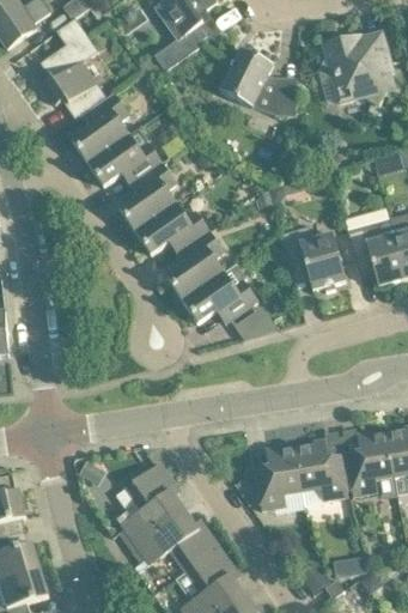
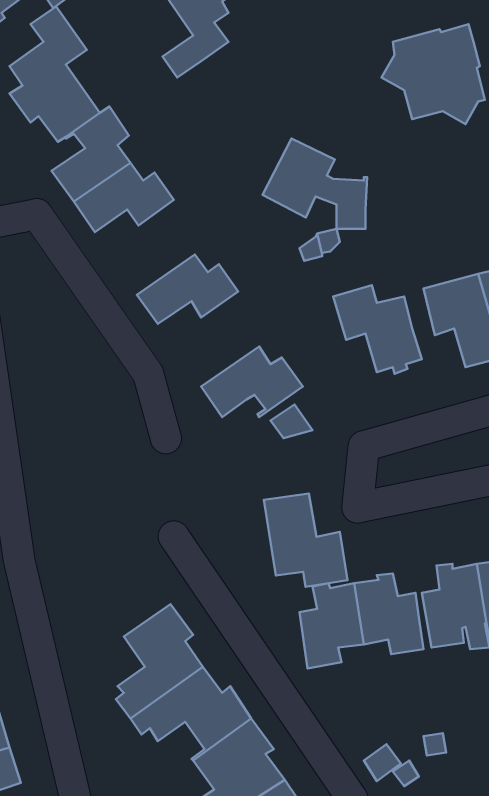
building: [219,48,297,115] -> [262,139,367,229]
building: [118,162,177,232] -> none
building: [166,230,225,301] -> none
building: none -> [264,493,347,587]

